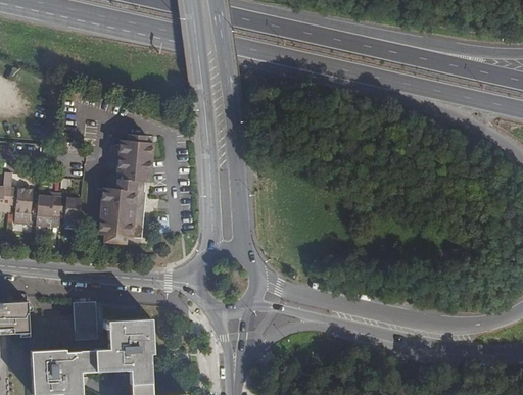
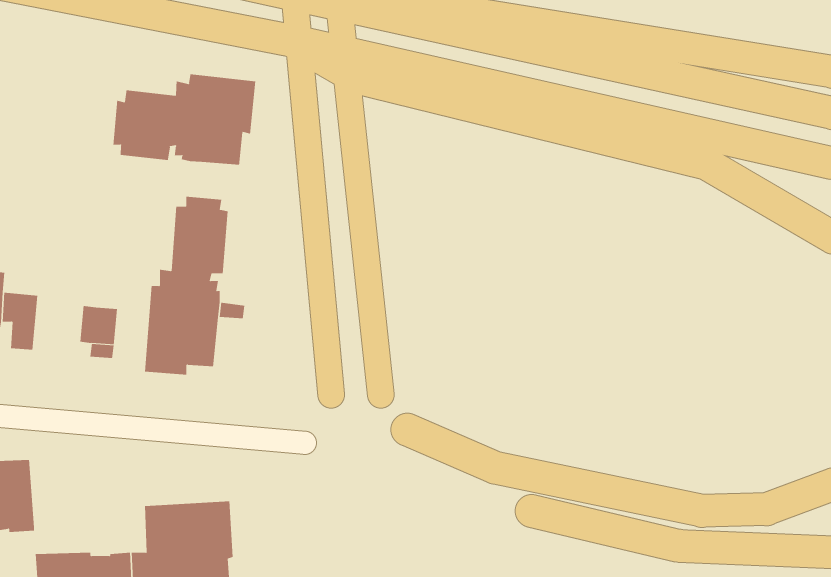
building: none -> [113,73,256,166]
building: [37,196,60,229] -> none
building: [74,302,99,341] -> none

